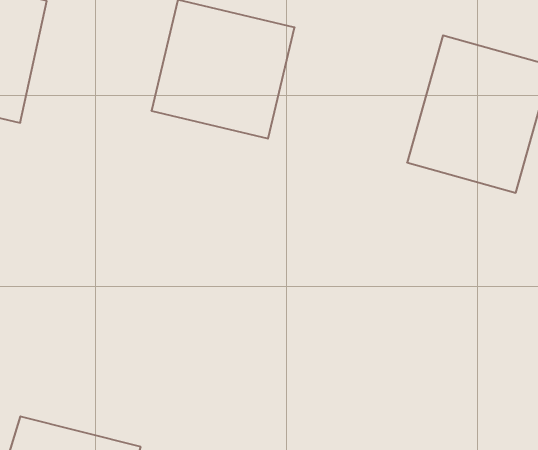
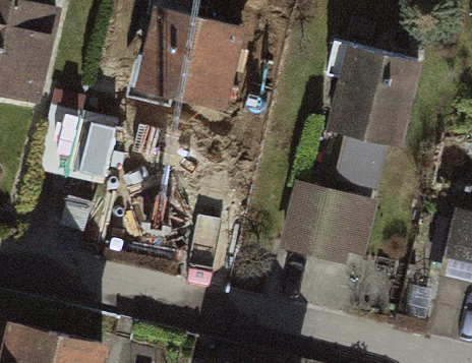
building: none -> [33,107,108,182]
building: none -> [290,177,372,255]

